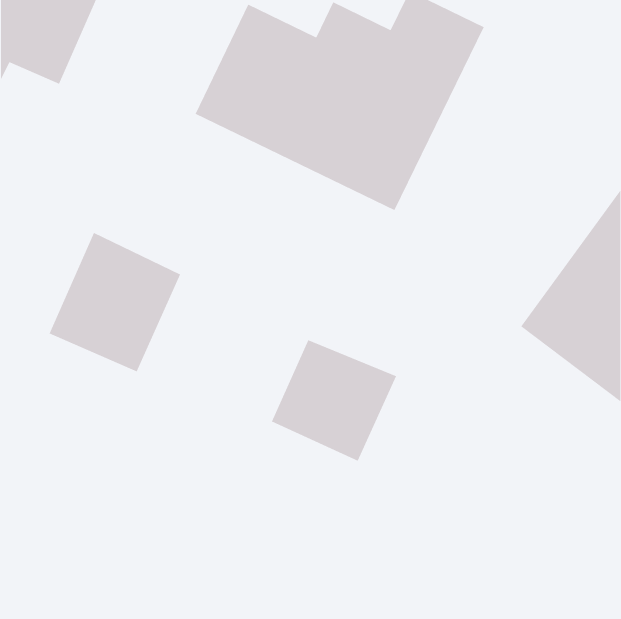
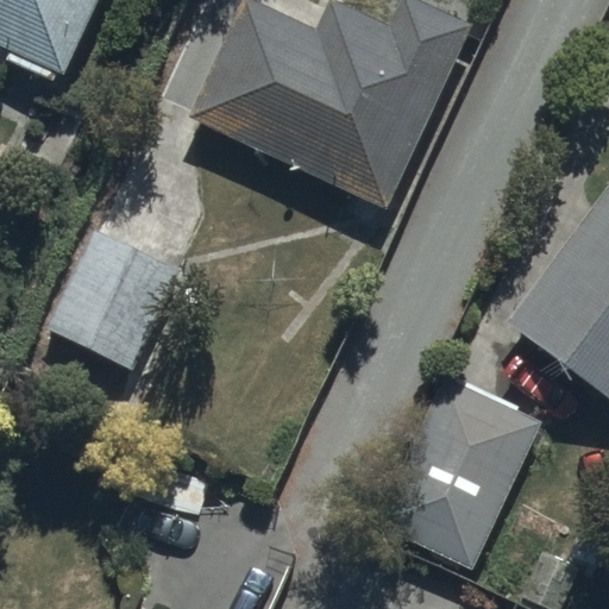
building: [271,339,397,462] -> none
building: none -> [377,377,541,571]

